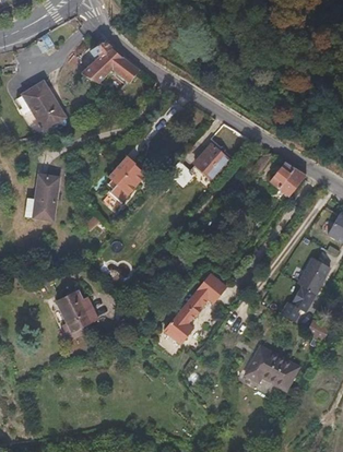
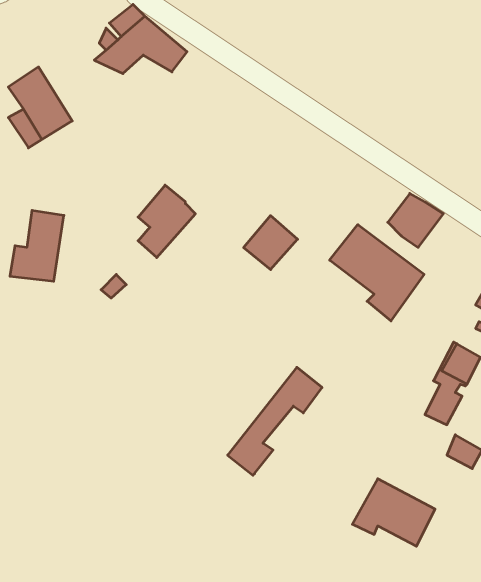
building: [192,143,227,178] -> [244,216,298,270]
building: none -> [330,225,424,321]
building: [57,290,97,333] -> none

